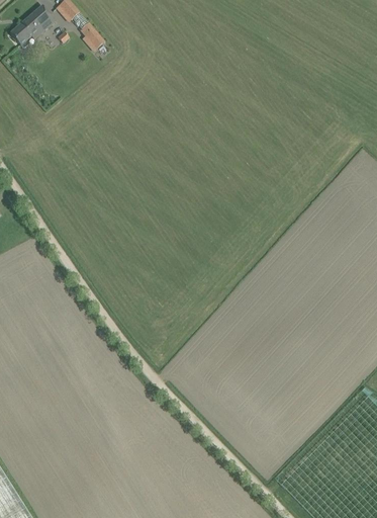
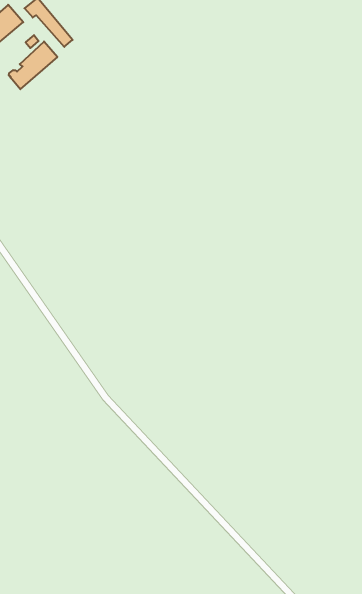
building: none -> [9,41,57,89]

